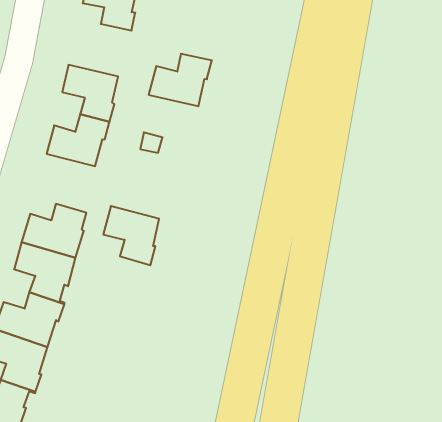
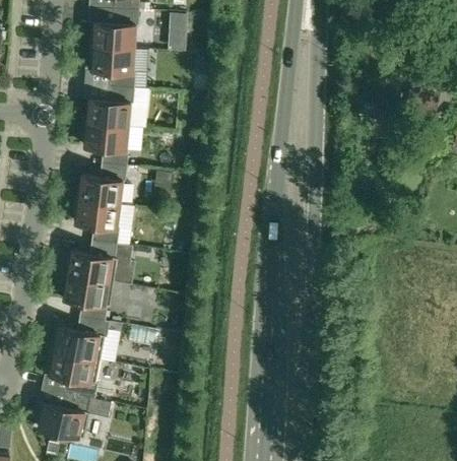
building: [149,54,212,106] -> [86,88,135,130]
building: [103,206,159,265] -> [75,202,120,247]

